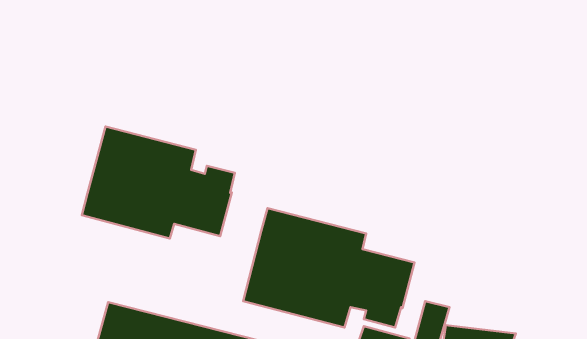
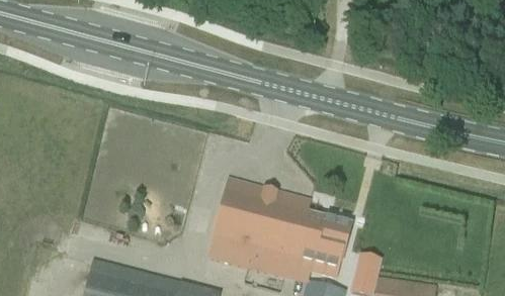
building: [82,126,235,239] -> none

